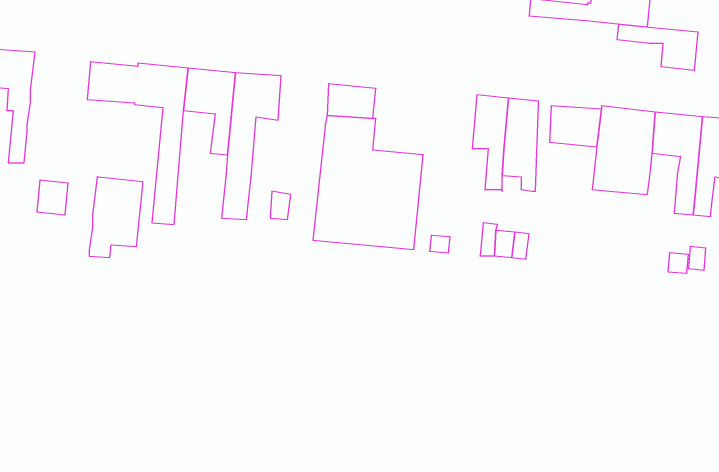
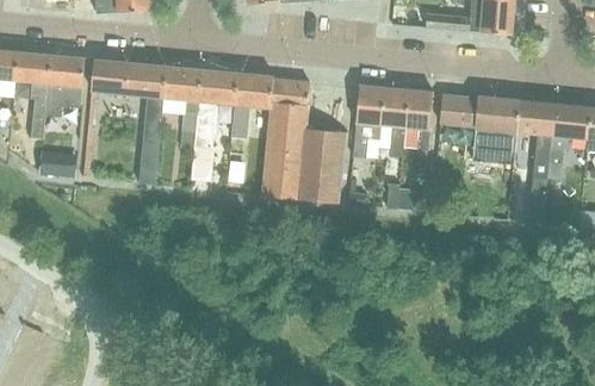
building: [617,24,698,71] -> none
building: none -> [231,71,272,135]
building: none -> [354,83,384,156]
building: [89,177,143,258] -> [44,54,85,114]

